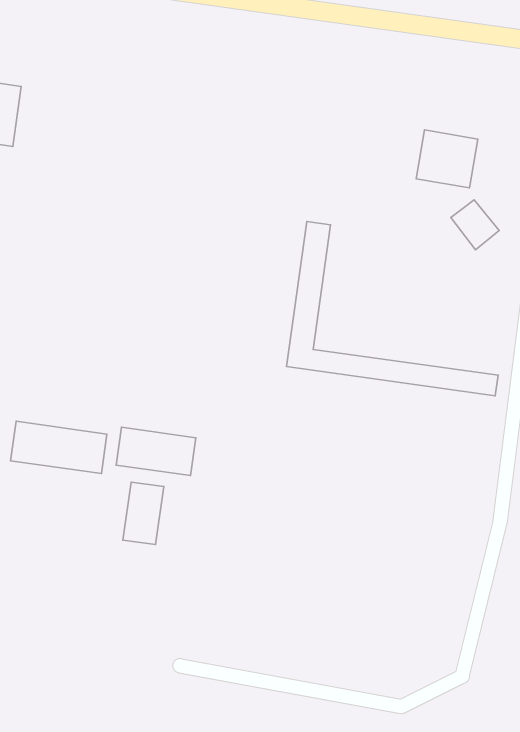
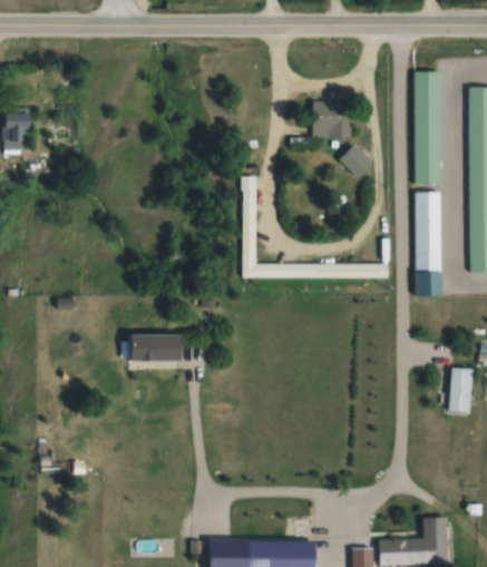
building: [11,421,107,474] -> none
building: [123,482,164,545] -> none

